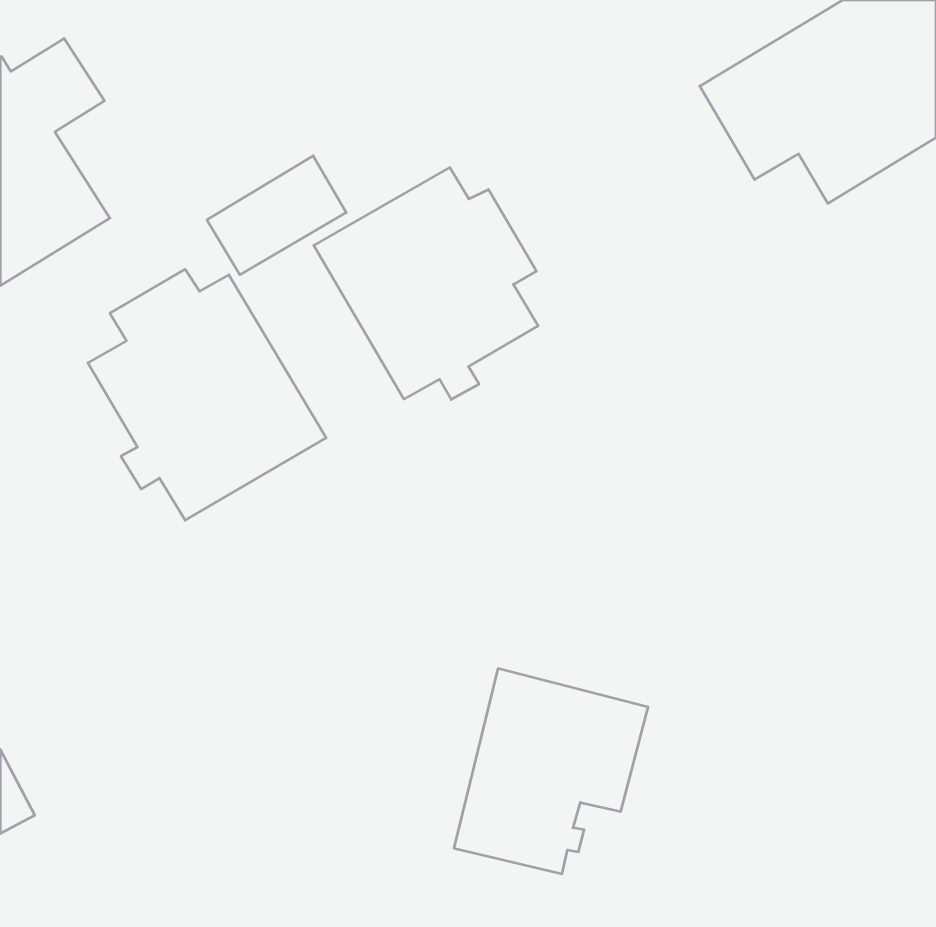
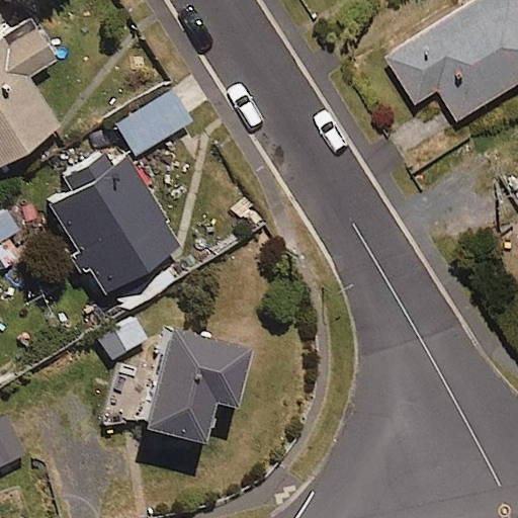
building: [314,168,538,400] -> none
building: [454,669,648,874] -> [144,328,251,441]

